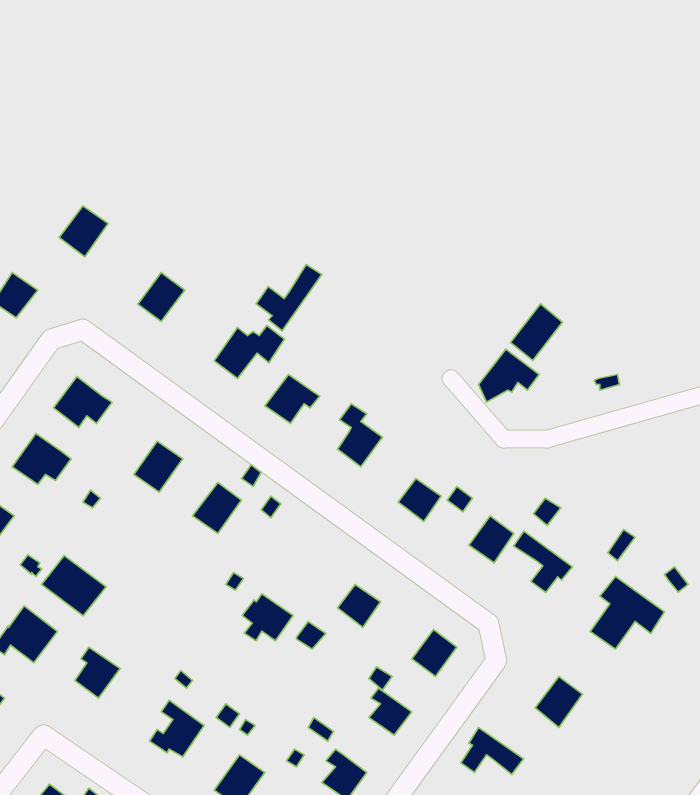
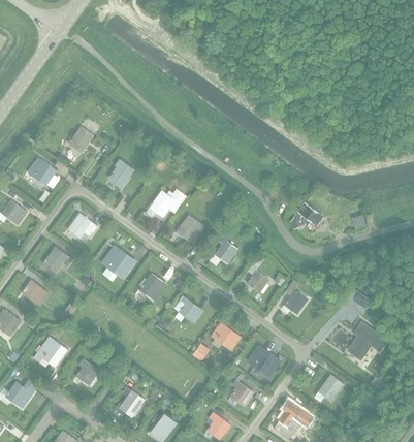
building: [256,265,322,331] -> none
building: [510,304,563,361] -> none
building: [514,531,572,592] -> none
building: [41,555,106,616] -> none
building: [242,594,293,641] -> [172,296,199,321]

